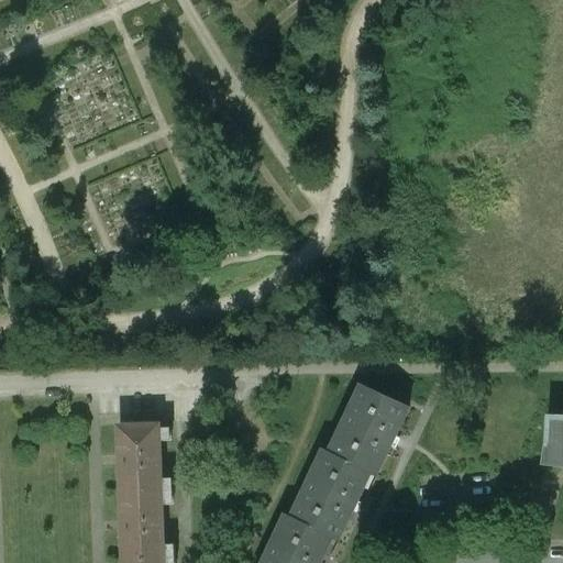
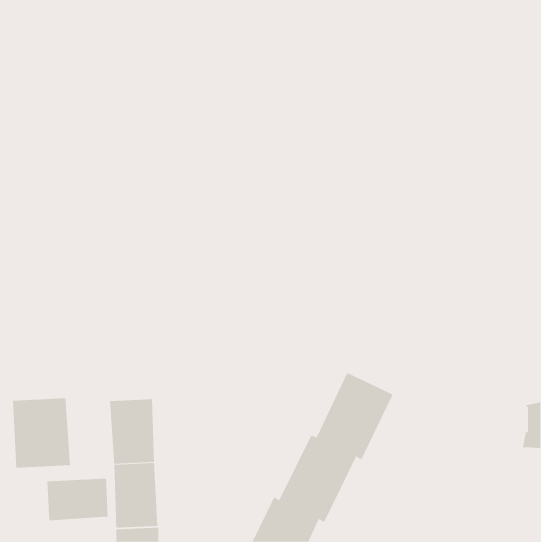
building: none -> [13,398,71,469]
building: none -> [47,478,108,521]

